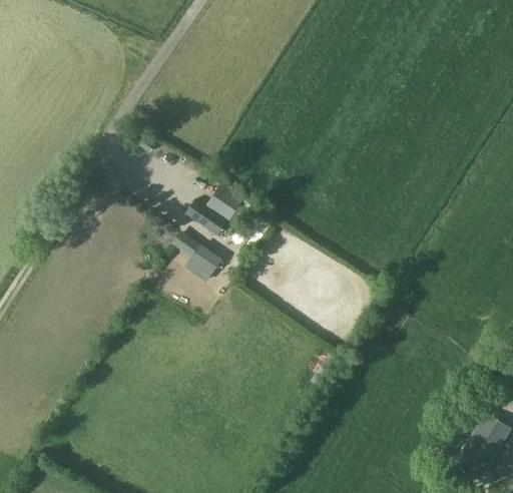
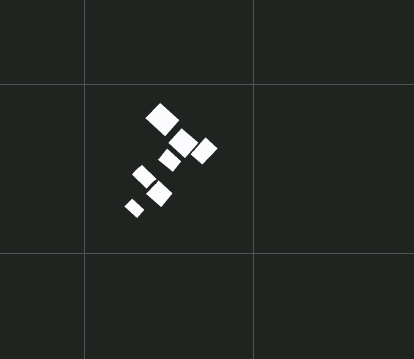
building: none -> [145,102,180,137]
building: none -> [189,136,218,166]

